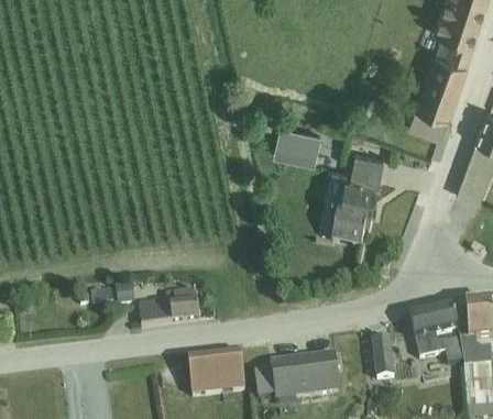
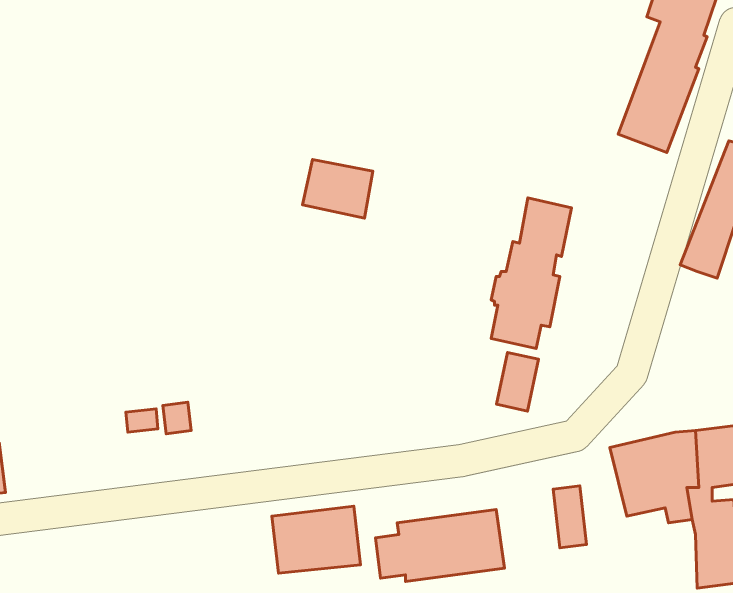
building: [408,106,448,137] -> none
building: [274,122,320,161] -> [302,160,373,218]
building: none -> [496,352,539,411]
building: [139,287,200,324] -> none

